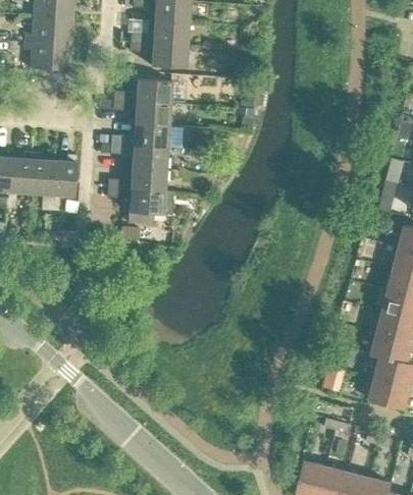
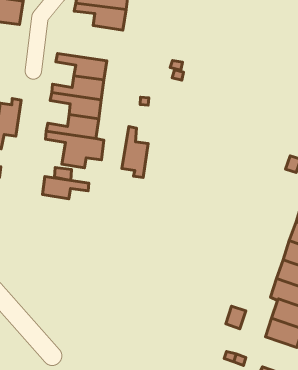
building: [112,79,169,104] -> none
building: none -> [122,126,148,177]
building: none -> [42,177,89,199]

